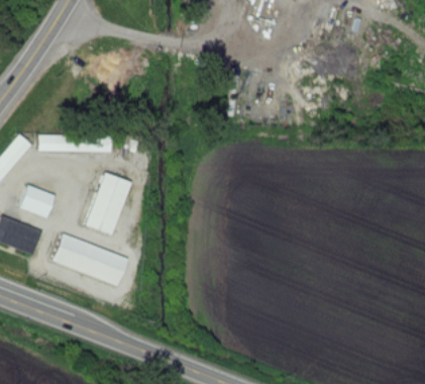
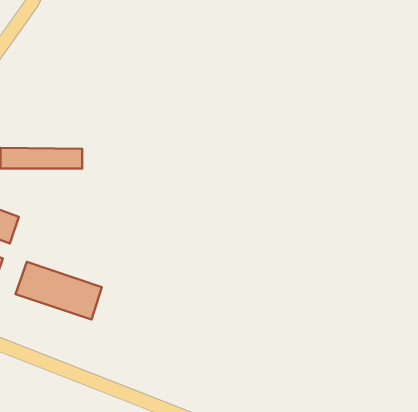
building: [86,172,130,234] -> none

